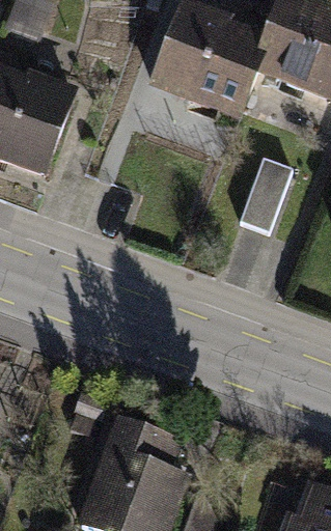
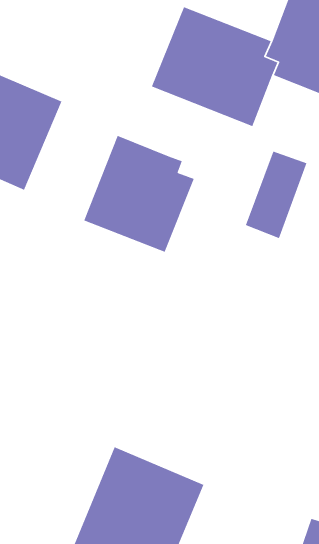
building: none -> [83,135,195,253]

